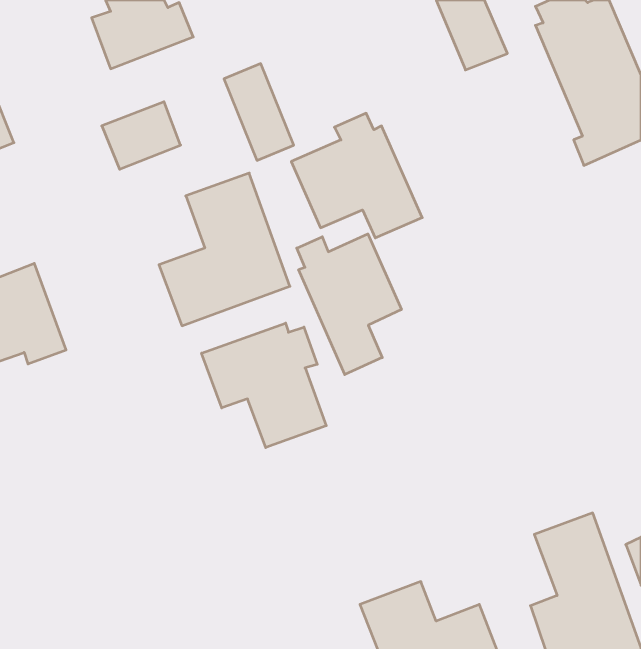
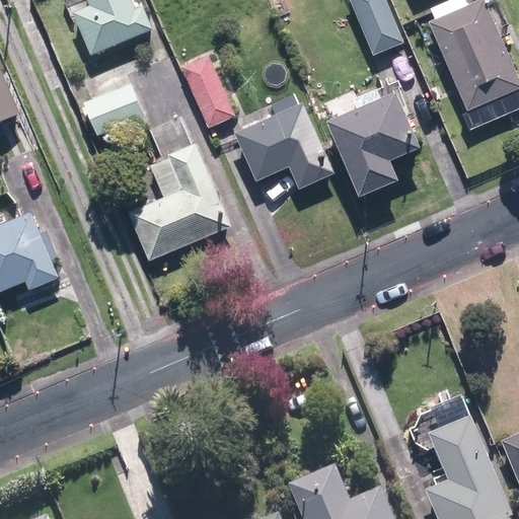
building: none -> [329,85,423,196]
building: [297,234,401,375] -> none
building: [202,323,326,448] -> none

